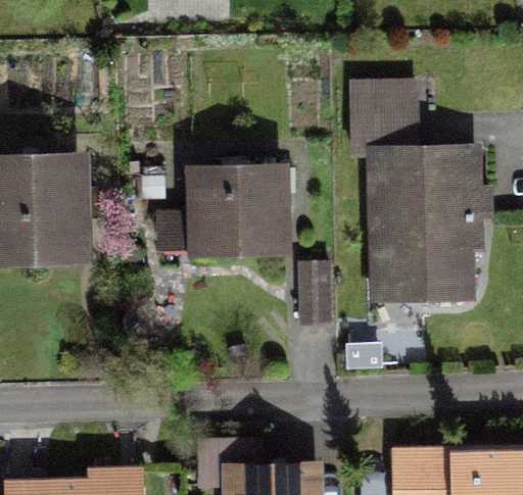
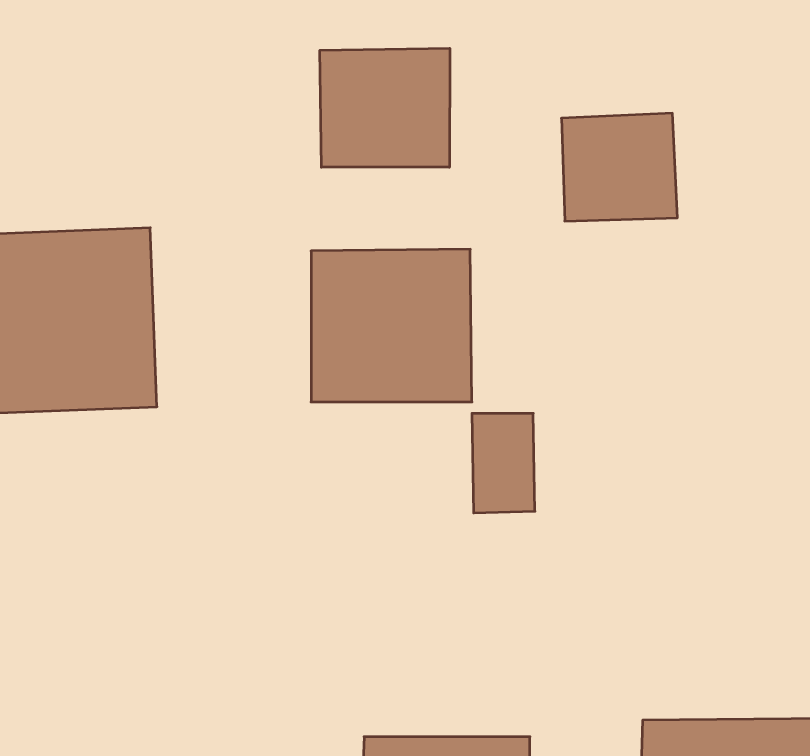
building: none -> [320,48,450,167]
building: [368,150,480,298] -> none

